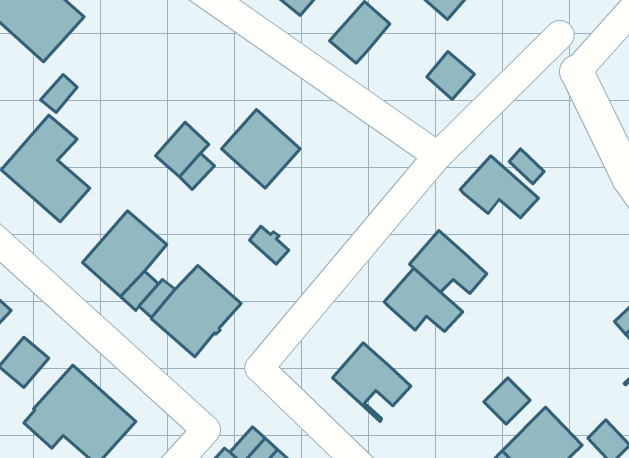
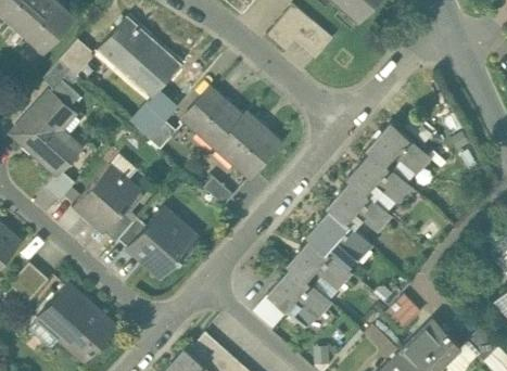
building: none -> [98,17,180,99]
building: none -> [60,40,94,76]
building: [427,52,475,99] -> [296,22,333,59]
building: none -> [216,114,280,178]
building: none -> [347,153,407,201]
building: none -> [289,240,348,287]

